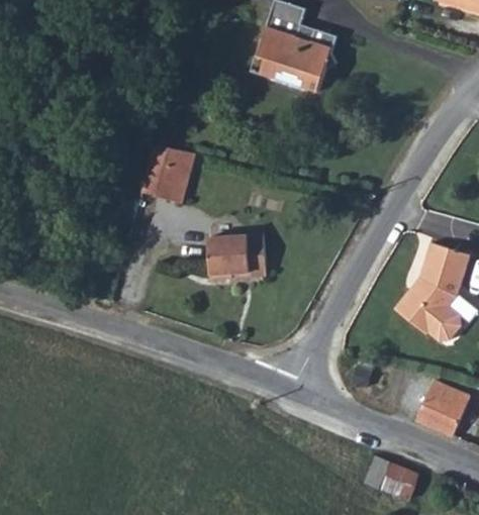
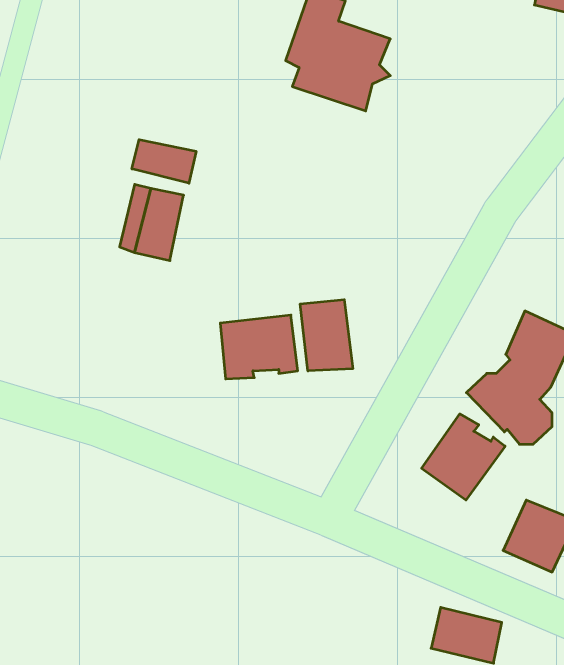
building: none -> [132,140,196,183]
building: none -> [300,300,353,371]
building: none -> [422,414,505,500]

